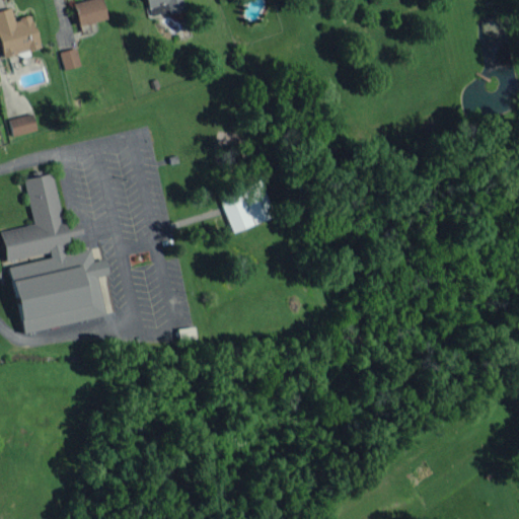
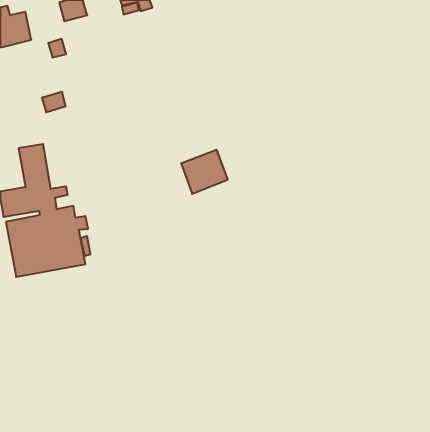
building: [9,113,38,137] -> [42,92,66,112]

